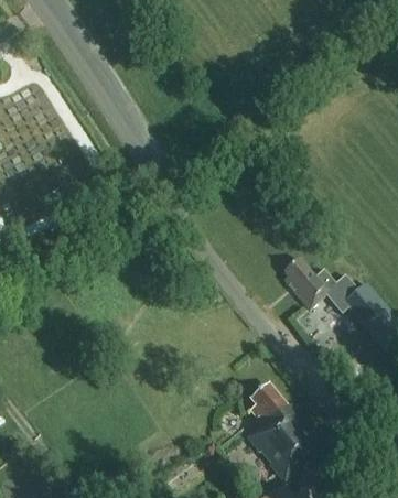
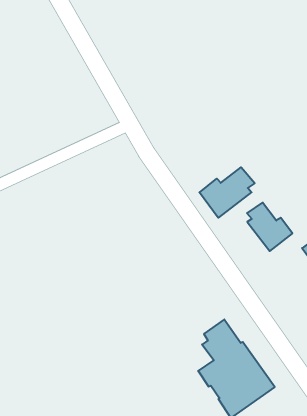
building: none -> [199,167,255,218]

